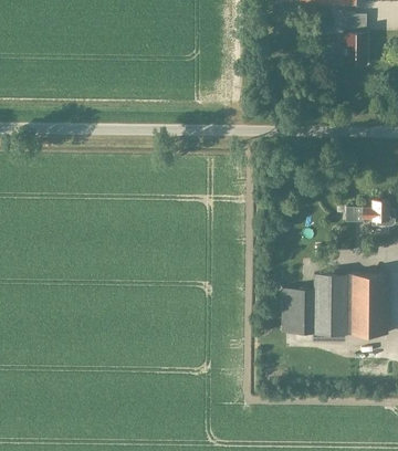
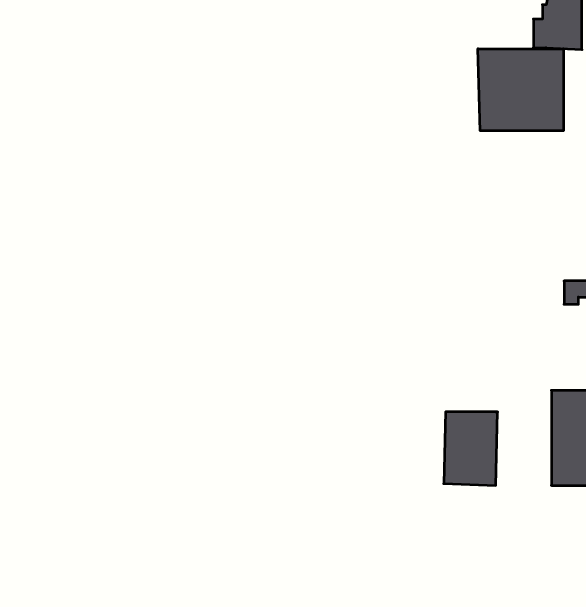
building: none -> [478,49,563,131]
building: [312,276,346,335] -> none

